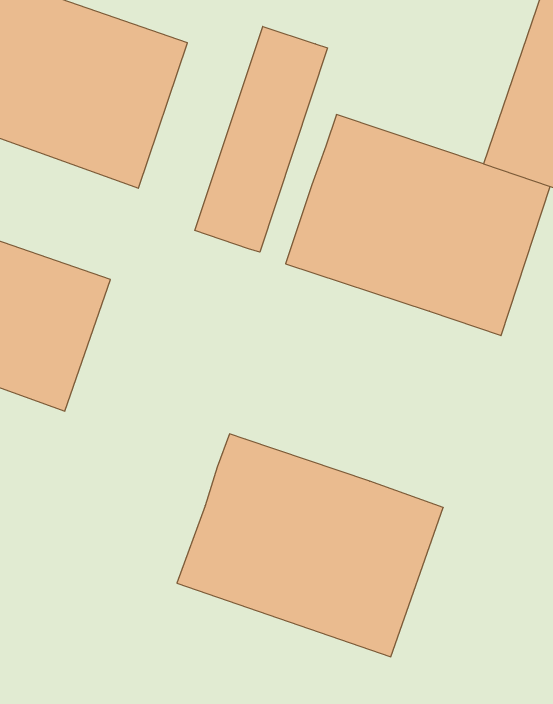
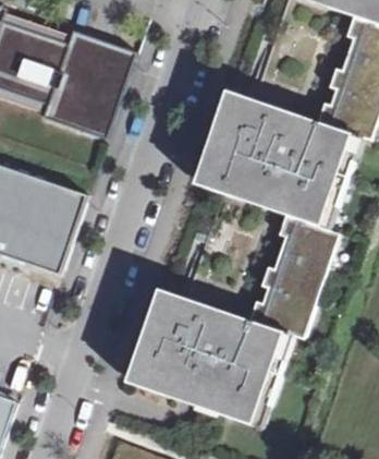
building: [195,26,328,252] -> none
building: none -> [247,213,338,337]

